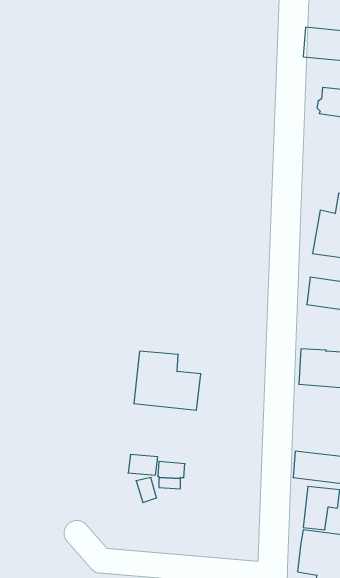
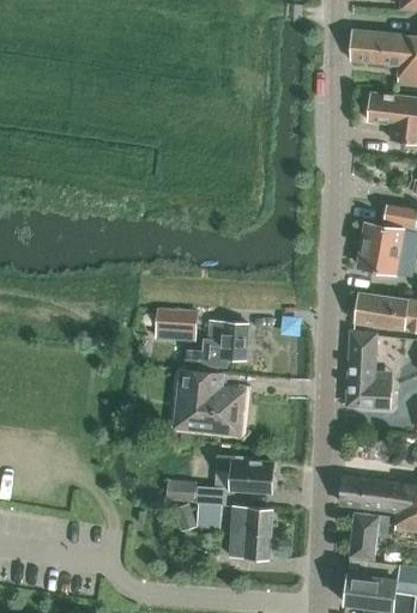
building: none -> [156,309,197,332]
building: none -> [183,322,248,372]
building: none -> [348,332,376,370]
building: none -> [217,456,274,492]
building: none -> [229,506,272,559]

